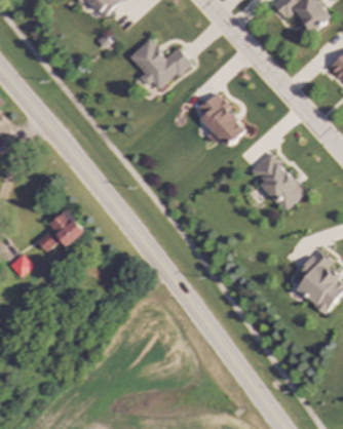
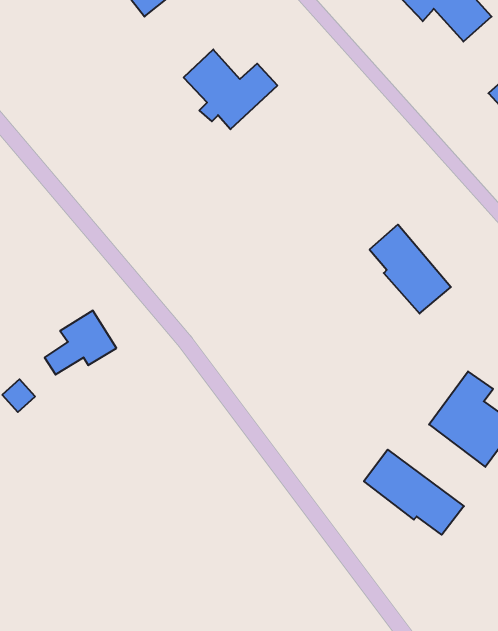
building: [195,93,246,147] -> none
building: none -> [364,450,464,535]

